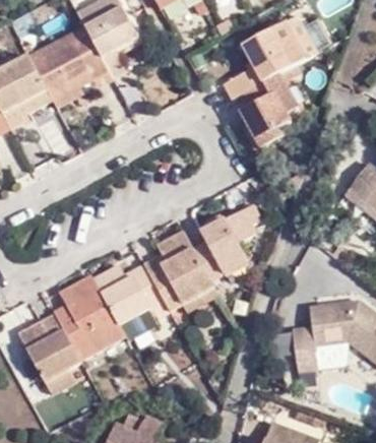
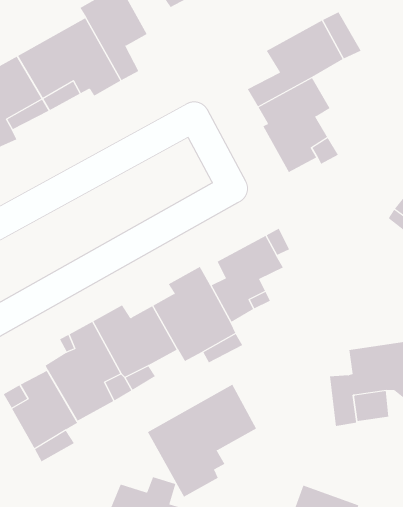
building: none -> [147,384,257,497]

